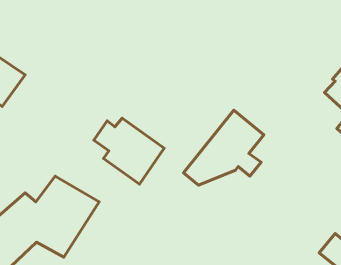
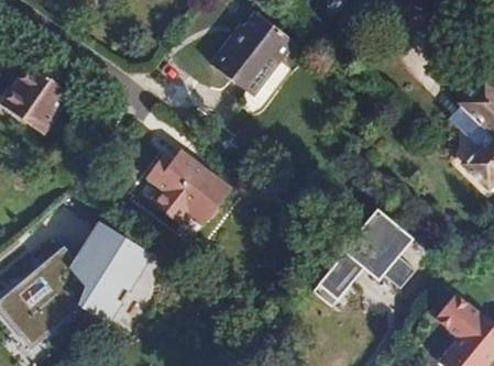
building: none -> [212,7,298,95]
building: [184,110,264,185] -> [320,203,420,297]

